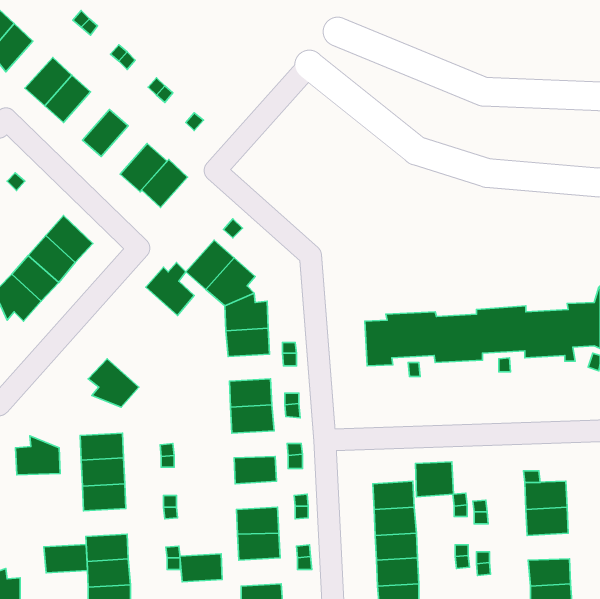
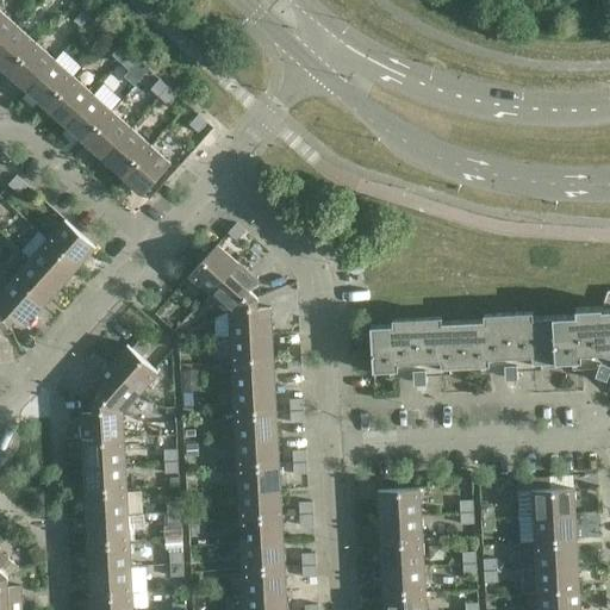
building: none -> [6,44,54,92]
building: none -> [64,95,111,144]
building: [142,159,188,208] -> [102,130,149,179]
building: [146,262,194,315] -> [108,341,157,394]
building: none -> [231,361,274,388]
building: none -> [235,438,279,466]
building: [16,436,60,475] -> [79,403,124,442]
building: [415,462,454,497] -> none
building: none -> [238,490,281,518]
building: none -> [534,542,577,569]
building: [44,545,87,573] -> [85,517,129,546]
building: [180,554,222,582] -> [242,567,285,596]

